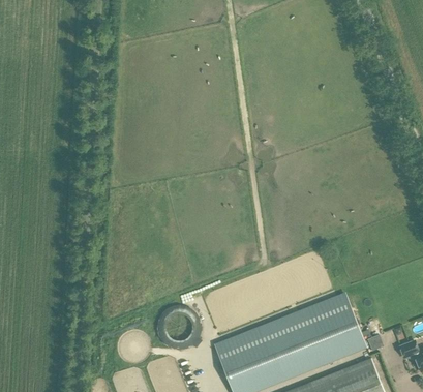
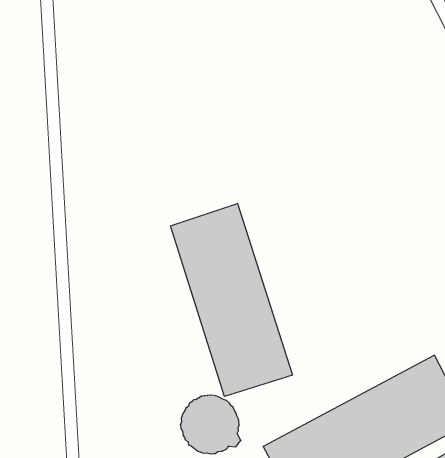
building: none -> [170,203,292,396]

